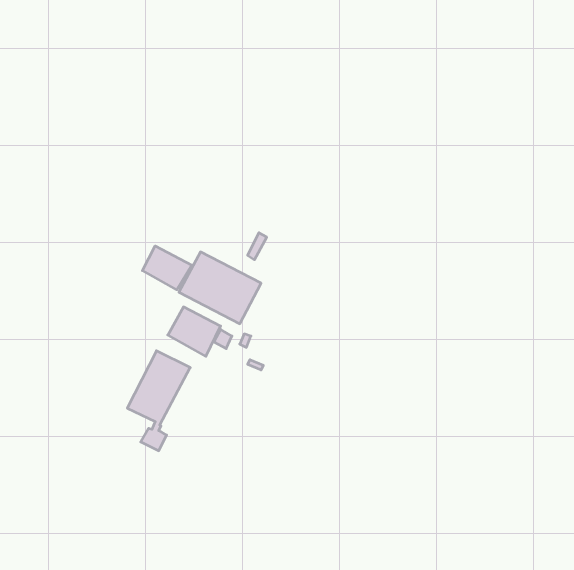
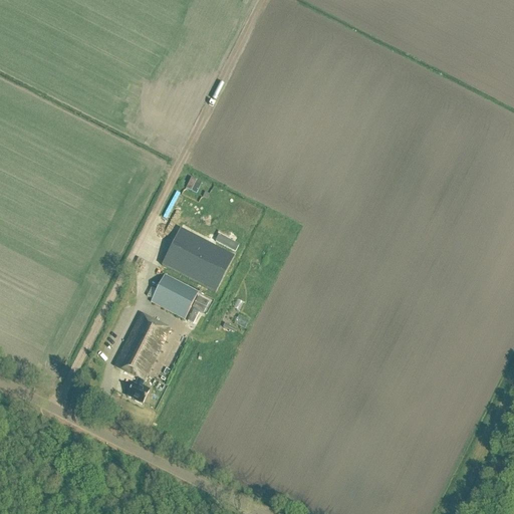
building: [142,246,192,290] -> none

